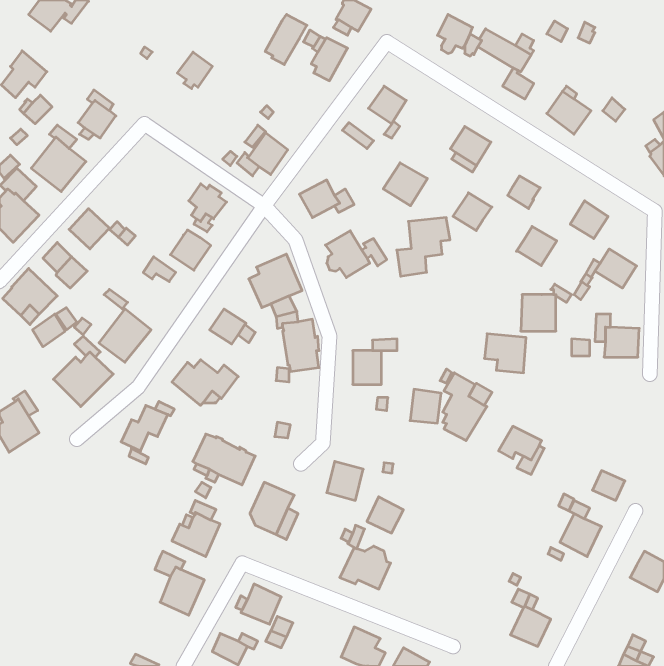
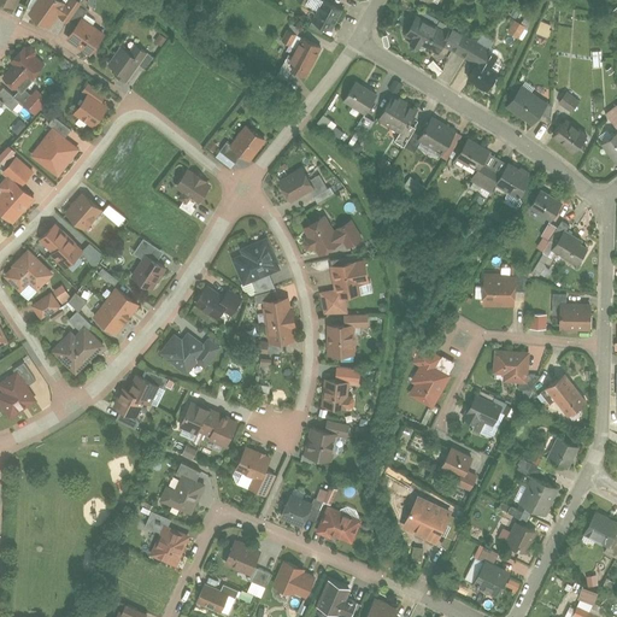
building: [265,14,307,65] -> none
building: none -> [65,16,106,57]
building: [177,52,212,89] -> [106,46,139,80]
building: none -> [552,118,588,153]
building: [383,163,427,206] -> [377,93,418,133]
building: [453,193,492,231] -> [453,137,489,172]
building: [397,218,450,276] -> [319,260,369,315]
building: [516,226,557,266] -> [493,161,530,198]
building: [170,230,211,270] -> [129,253,166,290]
building: [484,334,526,373] -> [492,348,530,384]
building: [410,389,441,423] -> [321,377,349,409]
building: none -> [545,372,587,416]
building: none -> [440,447,476,492]
building: [367,497,403,533] -> [278,495,312,529]
building: none -> [400,494,453,546]
building: none -> [504,522,536,554]
building: none -> [271,560,316,600]

